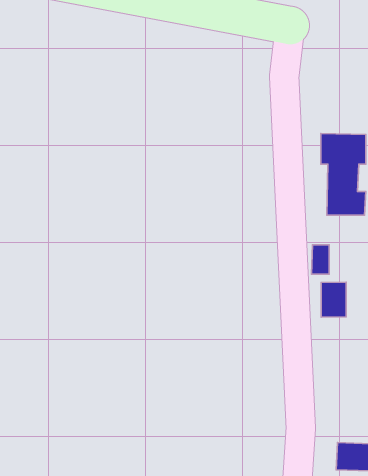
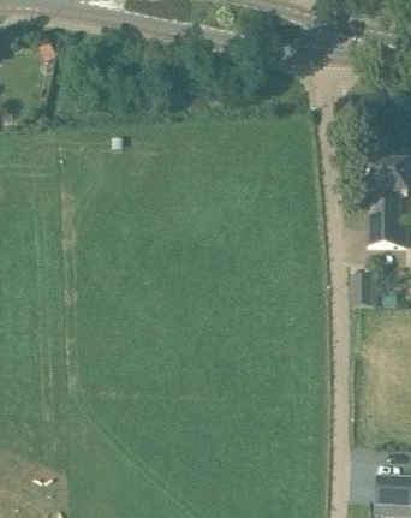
building: [321,282,346,317] -> none

